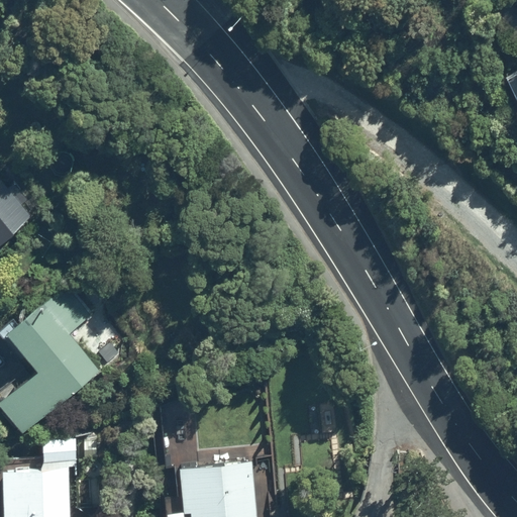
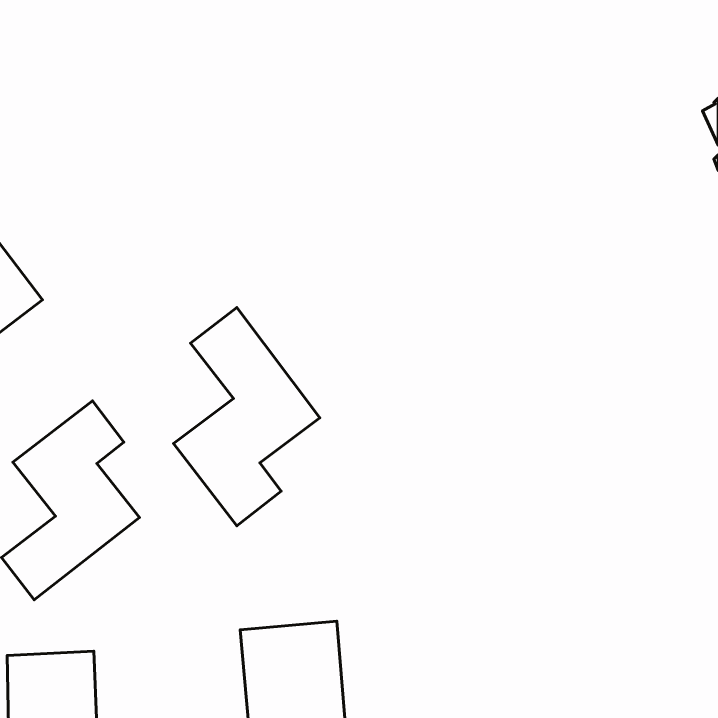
building: none -> [174,307,320,526]

